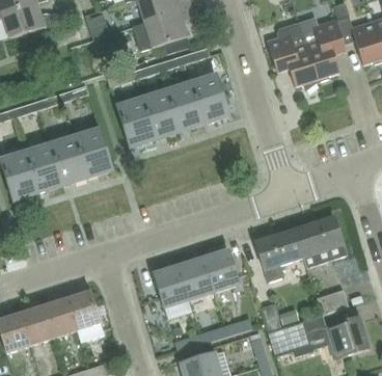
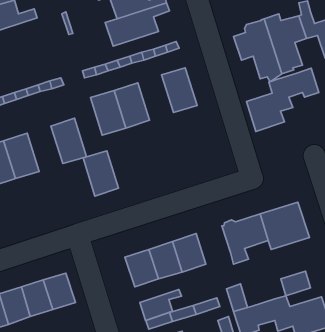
building: none -> [246,68,319,131]
building: [166,82,203,130] -> none
building: [50,136,87,184] -> [83,151,119,196]
building: none -> [140,289,182,320]

